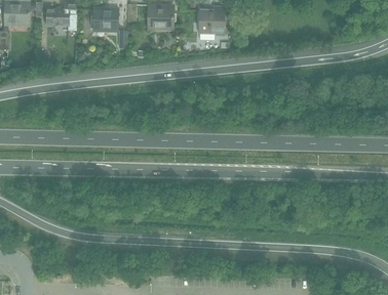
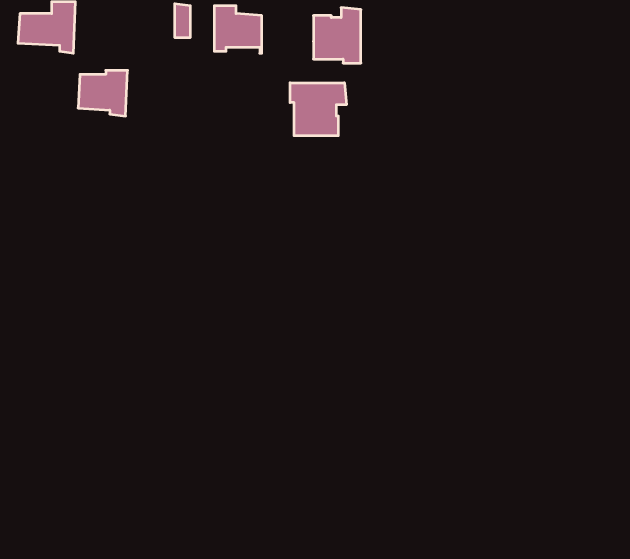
building: [91,7,117,31] -> [78,70,128,116]
building: none -> [290,83,346,136]

